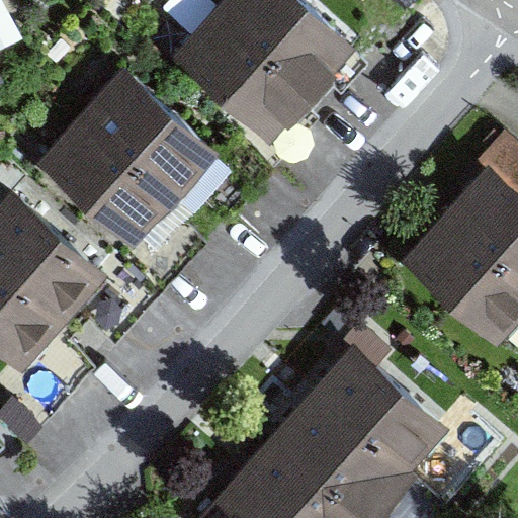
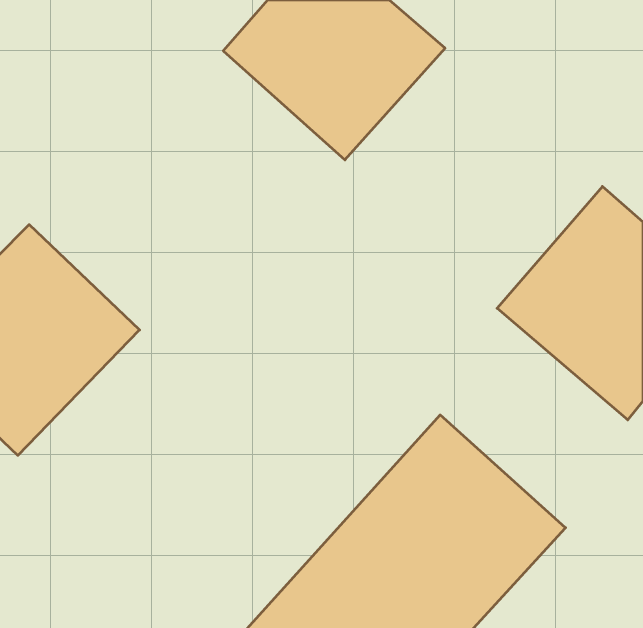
building: [40,67,220,245] -> none

